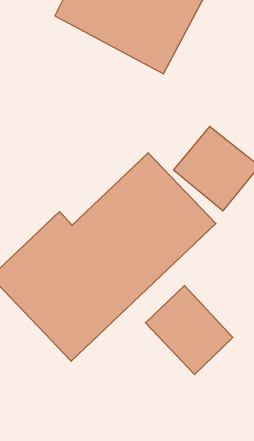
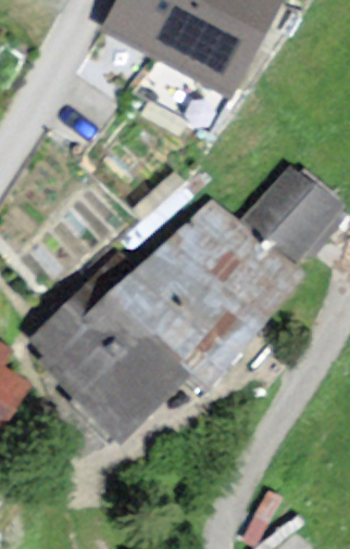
building: [145,286,233,375] -> none

